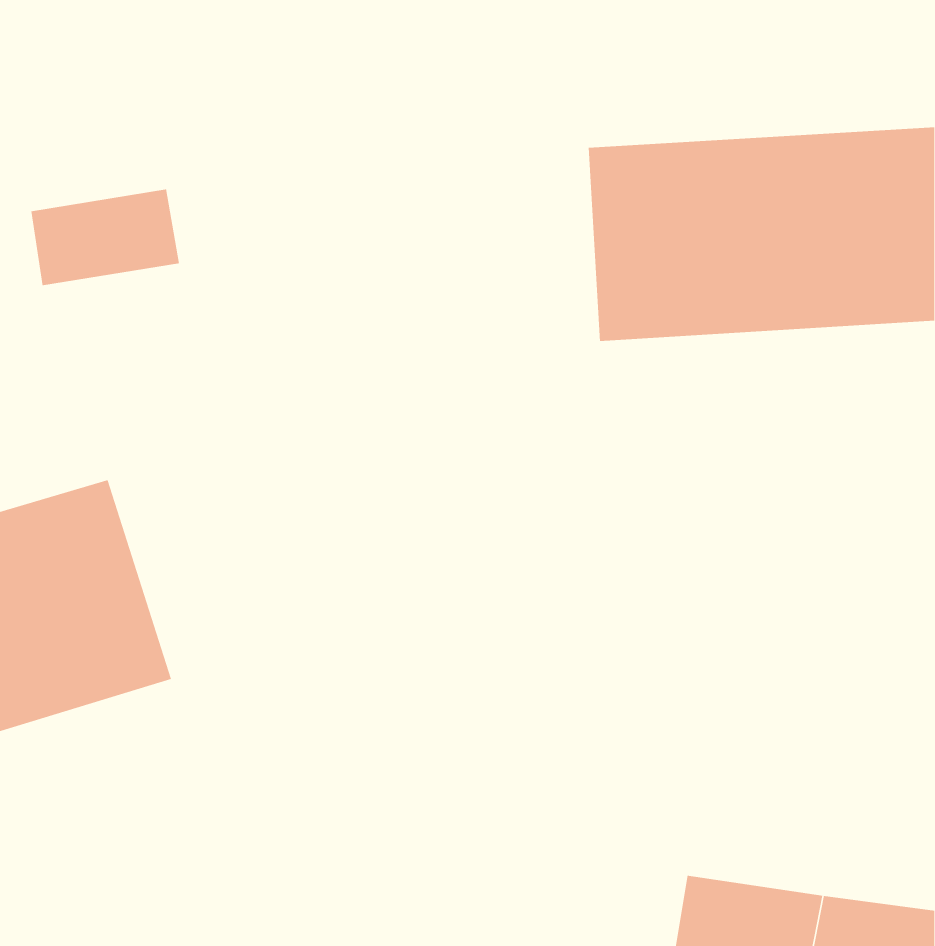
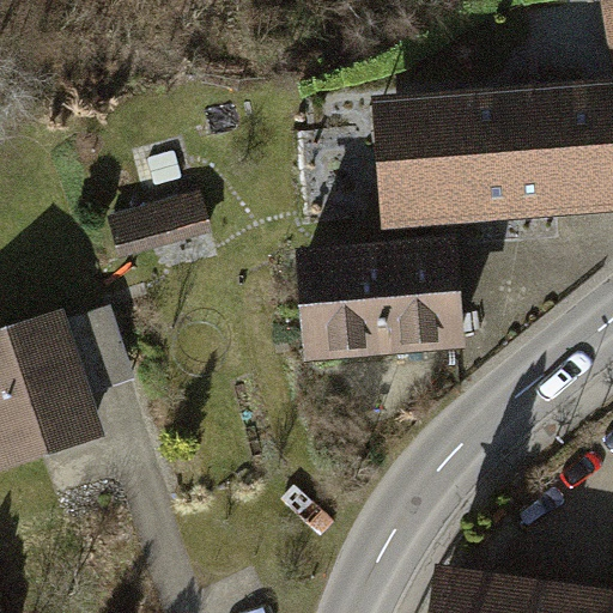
building: [31,189,180,286] -> [107,196,202,259]
building: none -> [309,238,472,351]

